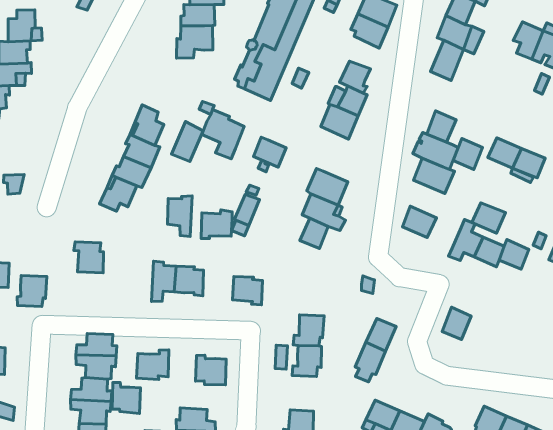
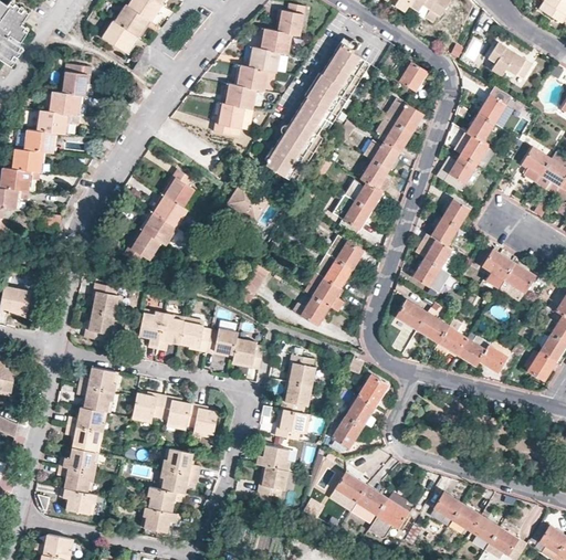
building: none -> [363,135,399,169]
building: [172,121,203,162] -> none
building: [253,137,286,167] -> [331,239,361,268]
building: [453,138,483,169] -> [441,198,470,228]
building: [167,196,192,236] -> [137,311,164,349]
building: [472,203,505,233] -> [416,314,448,344]
building: [201,210,232,239] -> [203,328,235,353]
building: [17,276,47,306] -> [85,311,116,342]
building: none -> [289,355,314,387]
building: [442,307,471,340] -> [358,376,387,406]
building: [112,382,140,413] -> [160,395,189,427]
building: none -> [252,445,290,472]

